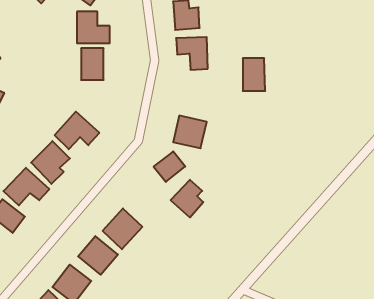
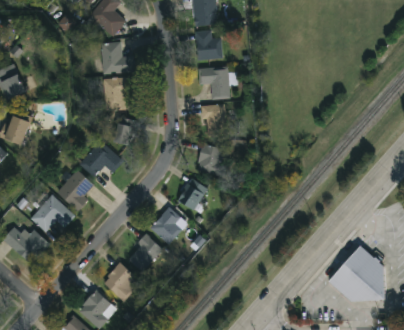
building: [243,58,265,91] -> [203,104,225,136]
building: none -> [115,118,136,142]
building: [171,180,203,217] -> [149,206,181,243]
building: none -> [341,252,382,299]

